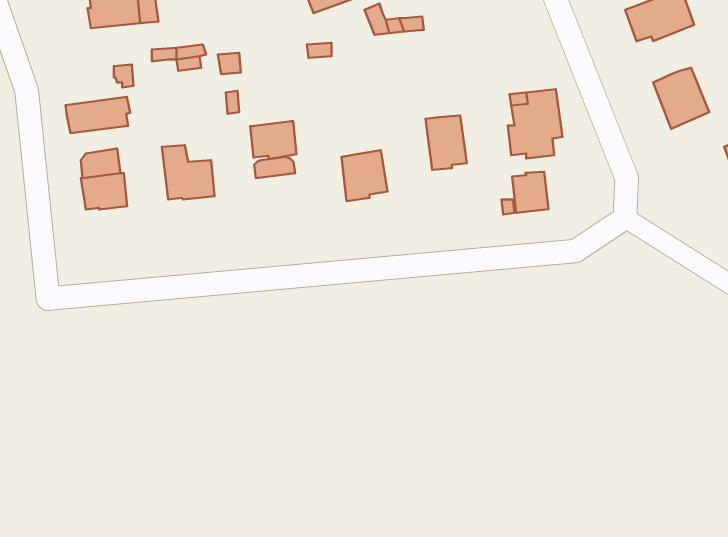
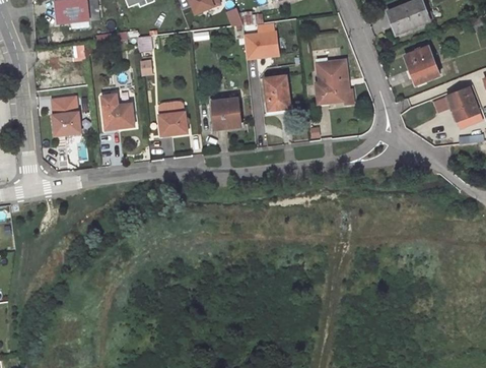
building: none -> [246,30,278,58]
building: [65,97,130,133] -> none
building: [250,121,296,159] -> [158,111,187,134]
building: [512,172,548,213] -> none

